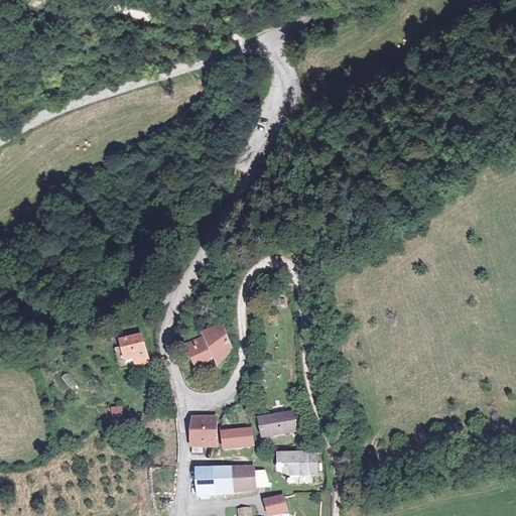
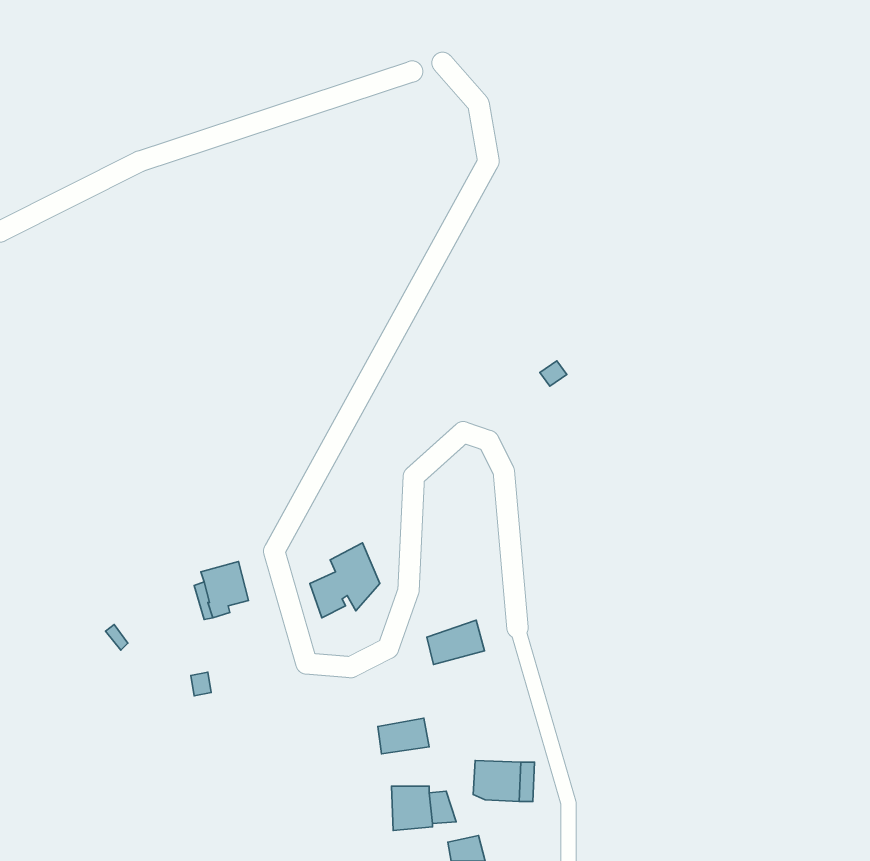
building: [261,408,295,434] -> [427,620,485,664]
building: [190,416,217,446] -> none
building: [196,466,233,495] -> none

